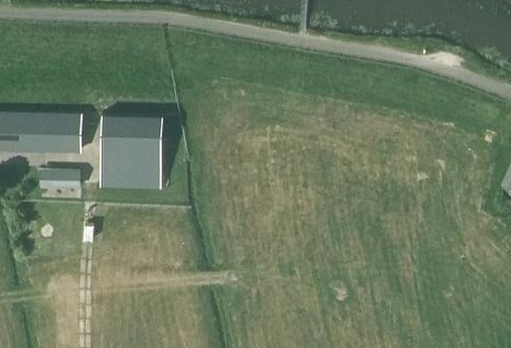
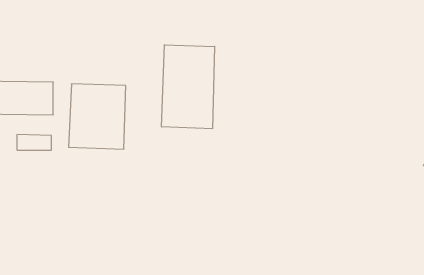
building: none -> [162,45,215,129]

